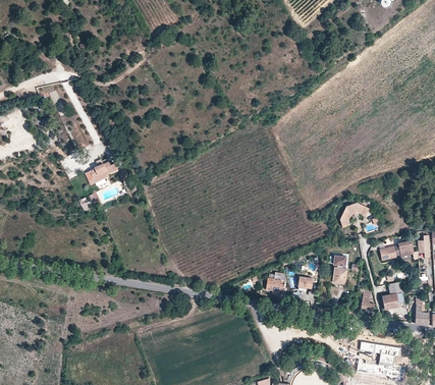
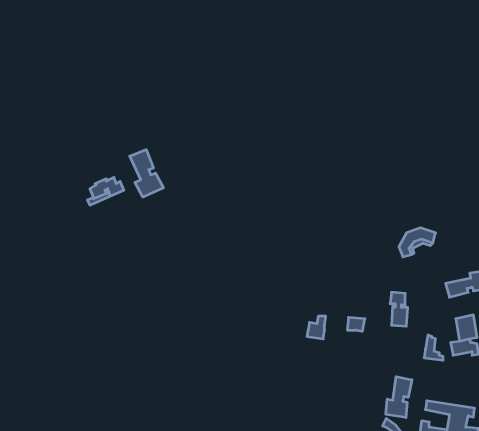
building: none -> [130,150,163,197]
building: none -> [386,377,412,418]

